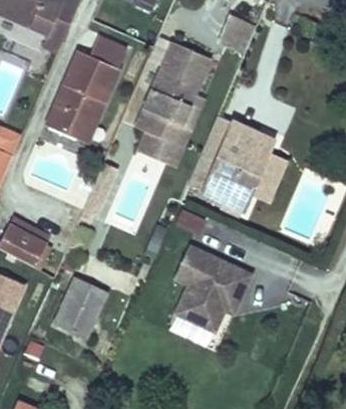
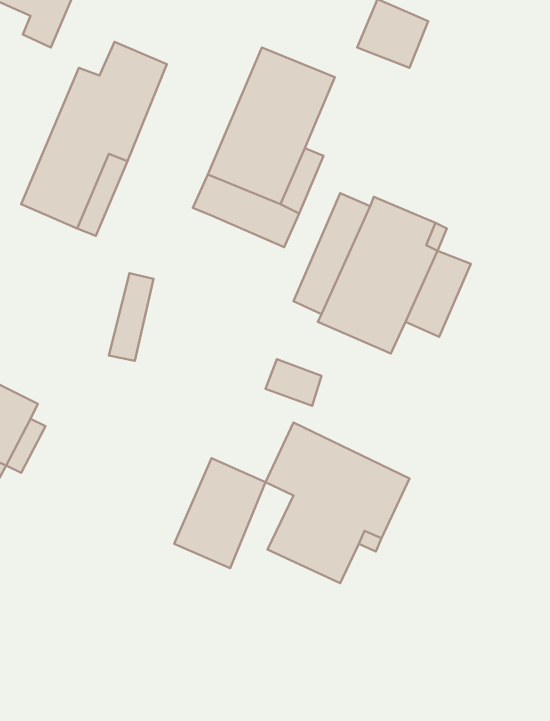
building: [137,134,185,170] -> none
building: [54,276,103,336] -> [174,458,266,568]

